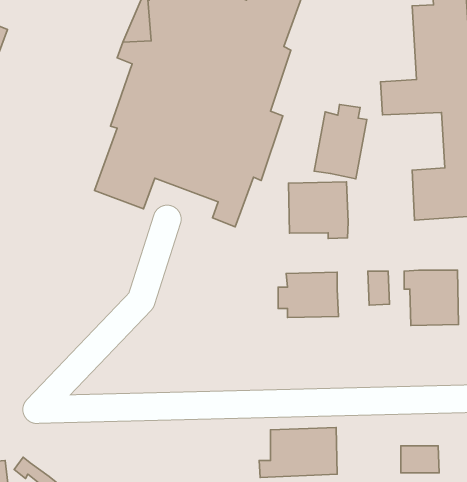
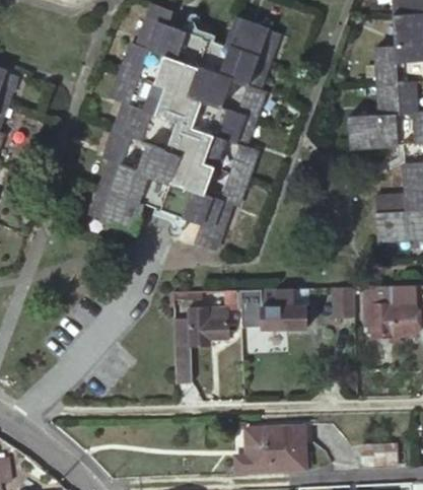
building: [314,104,367,179] -> none
building: [288,182,348,239] -> none
building: none -> [175,290,239,381]

